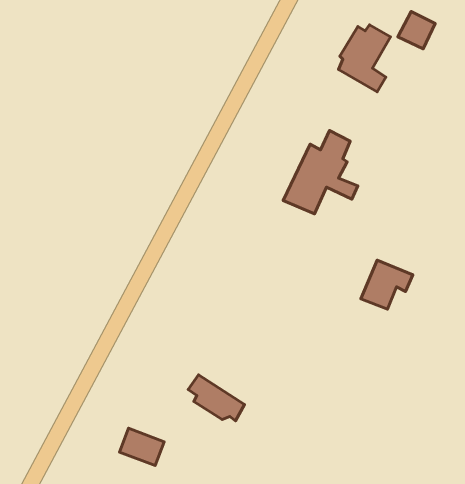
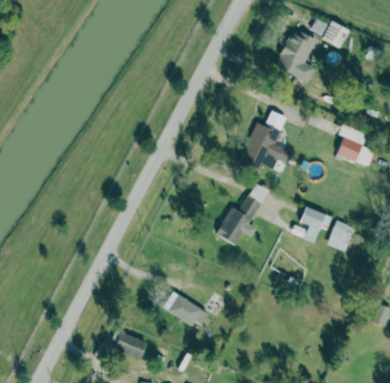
building: none -> [336,127,366,162]
building: none -> [216,185,269,243]
building: none -> [327,221,355,252]

